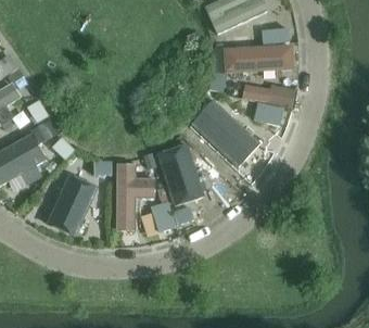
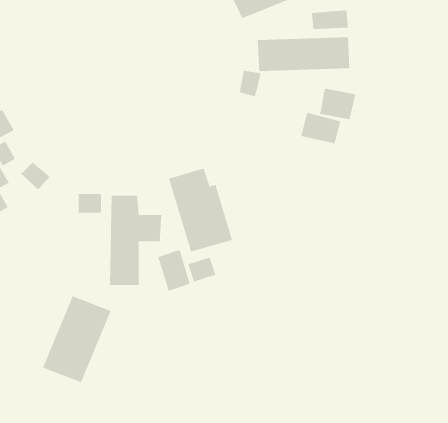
building: [198,102,264,171] -> none
building: [48,172,98,235] -> [42,296,111,383]

